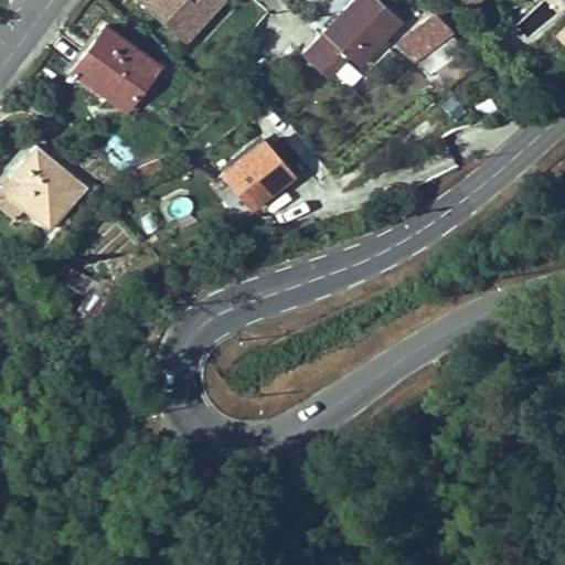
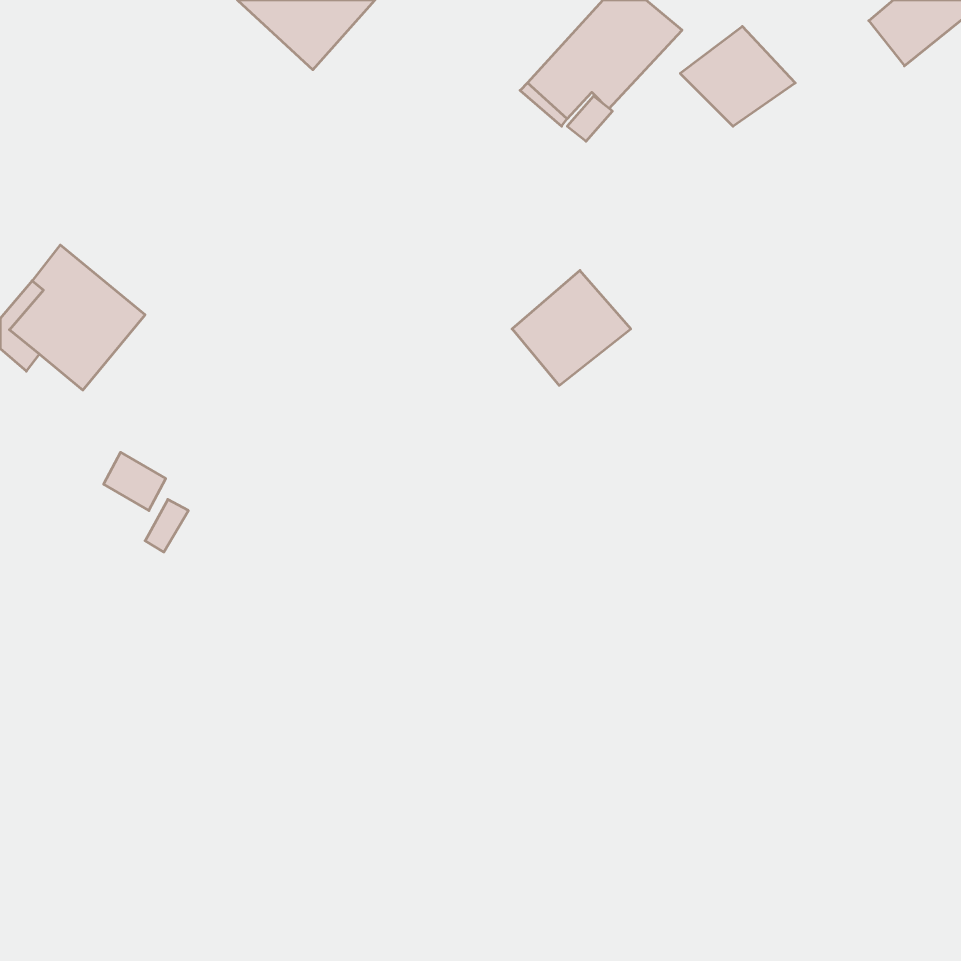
building: [74,28,159,109] -> none
building: [225,141,295,209] -> [512,270,631,385]

